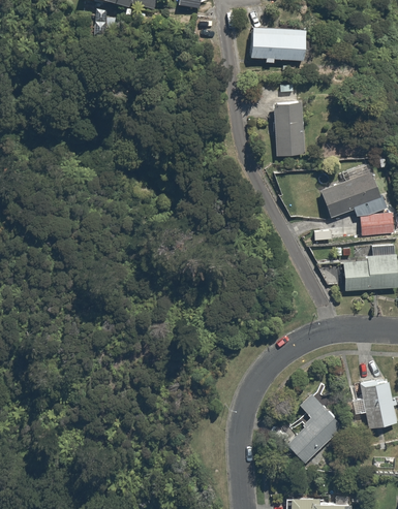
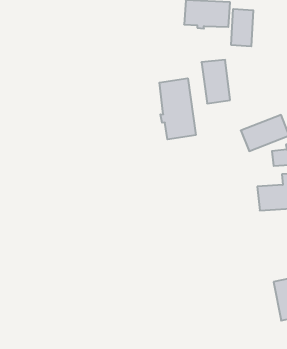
building: none -> [231,9,253,46]
building: none -> [159,78,196,139]
building: [286,394,344,462] -> none

